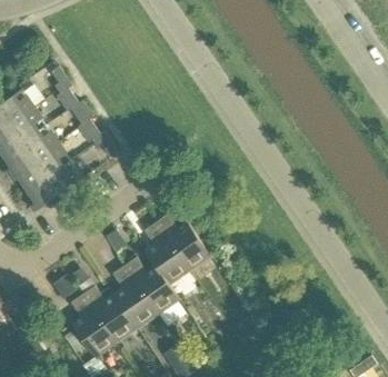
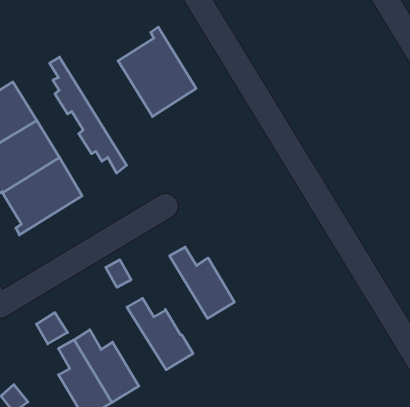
building: none -> [118,27,196,117]
building: [143,222,189,286] -> none
building: [112,266,158,329] -> none

